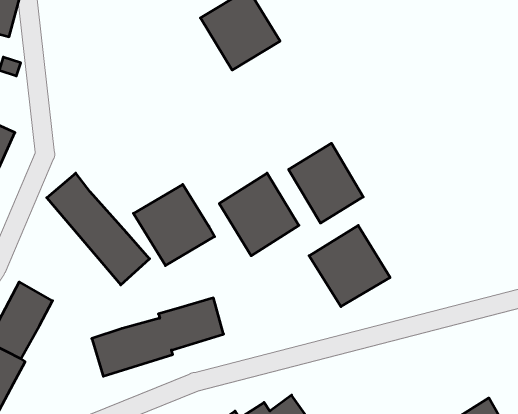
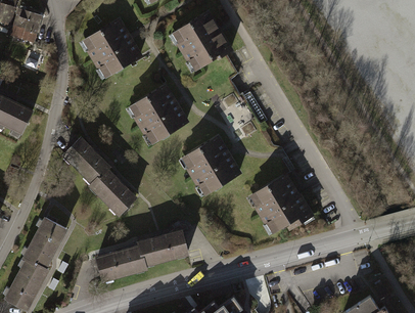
building: none -> [86,23,142,80]
building: [289,143,363,223] -> none
building: [133,184,215,266] -> [126,84,183,141]

